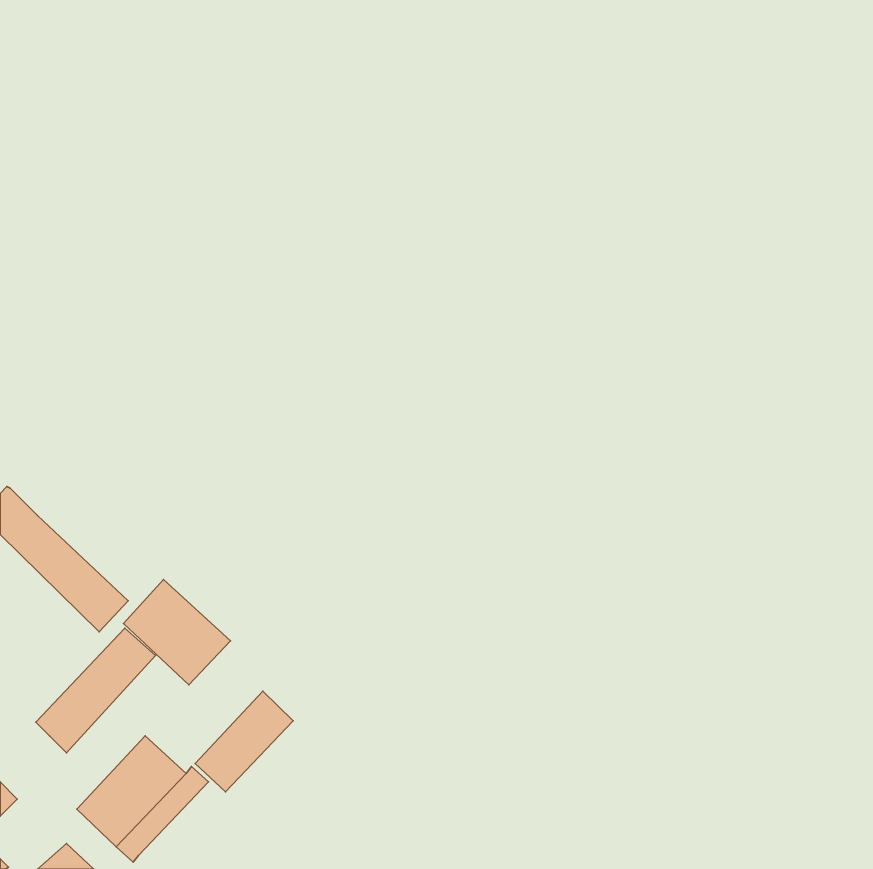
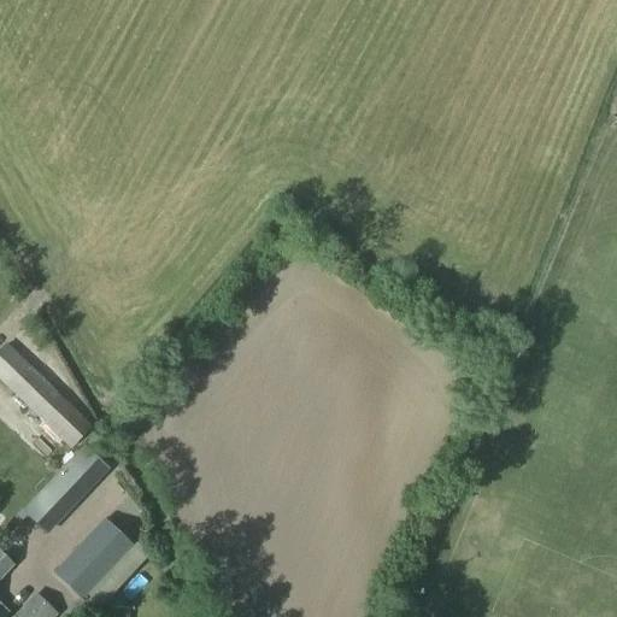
building: [124,580,231,685] -> none
building: [195,691,293,792] -> none

